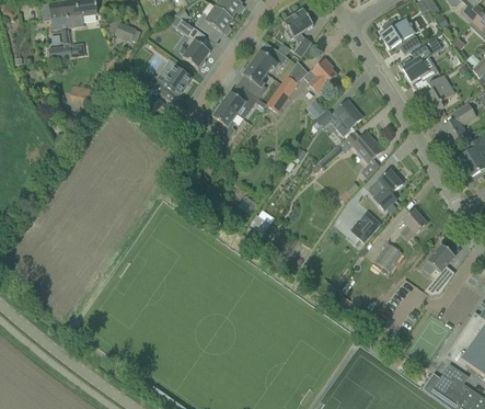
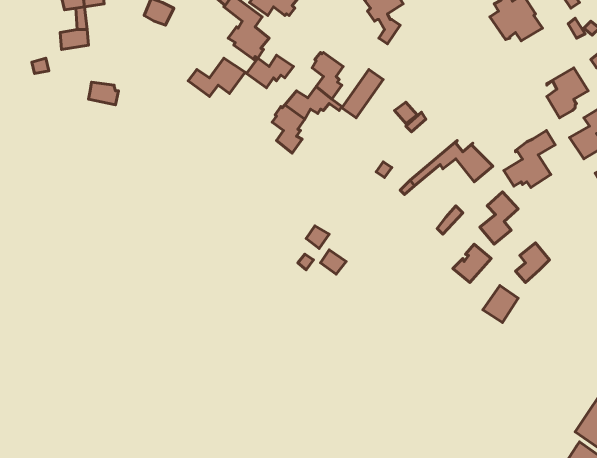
building: [402,36,441,80] -> [504,131,555,187]
building: [252,47,288,72] -> [247,55,294,88]
building: [303,58,336,91] -> none
building: [333,98,362,135] -> none
building: [423,245,453,295] -> none

